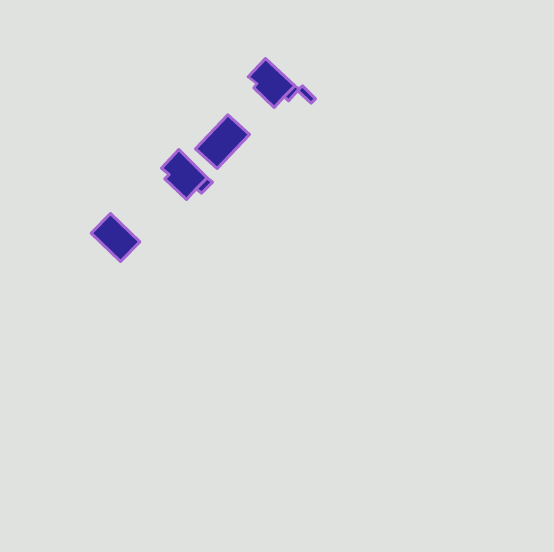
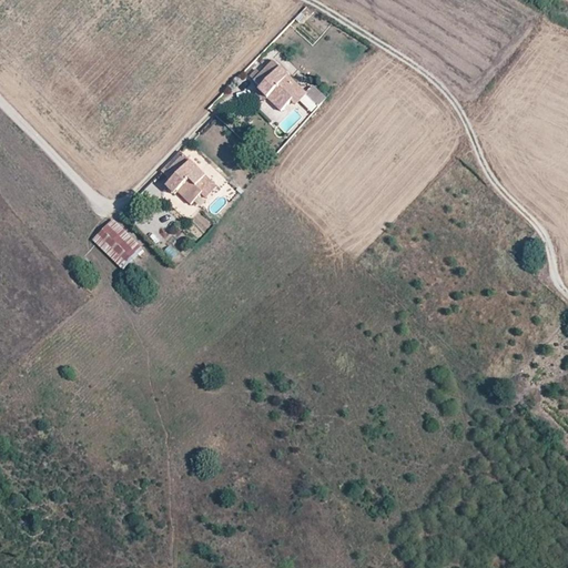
building: [196,115,250,169] -> none

